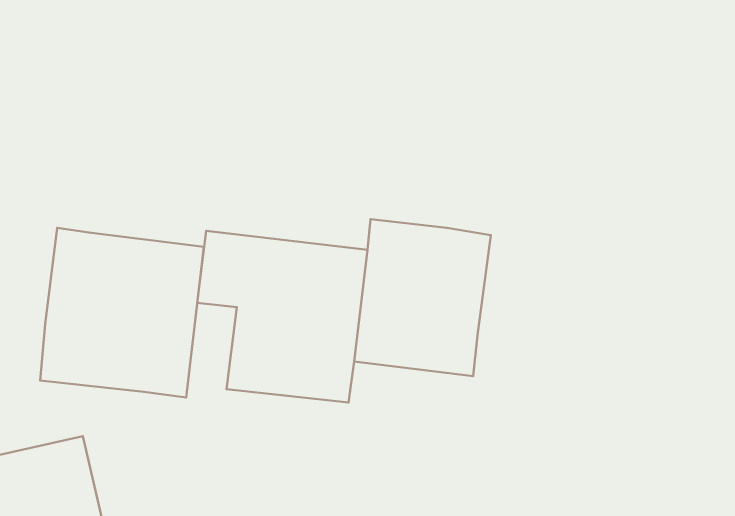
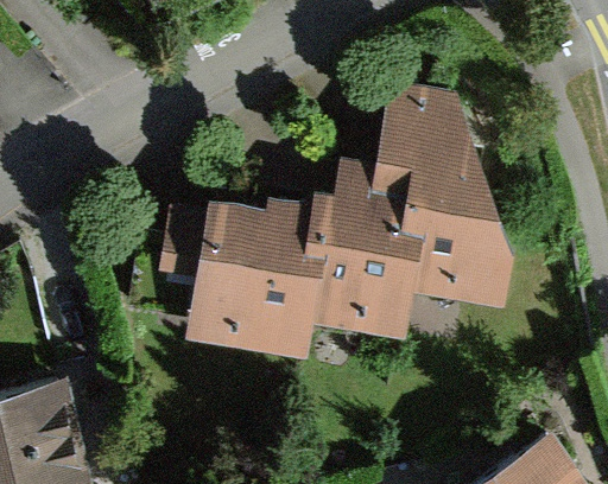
building: none -> [370,90,504,305]
building: [40,228,204,398] -> none

